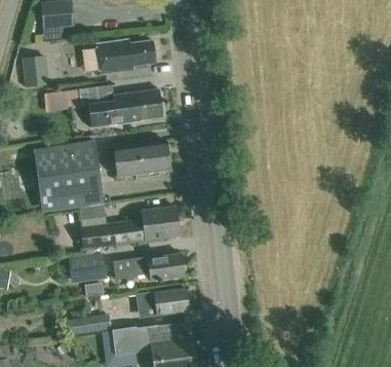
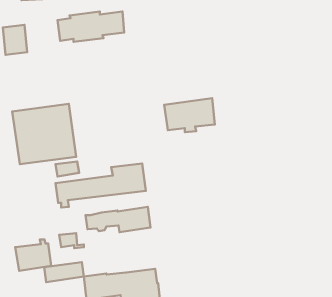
building: [44,84,163,131] -> none
building: [114,141,169,178] -> [164,98,215,132]
building: [68,249,107,283] -> [15,240,51,271]
building: [135,288,188,317] -> none

